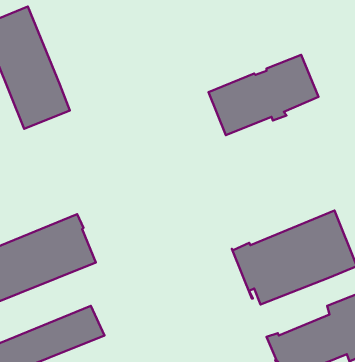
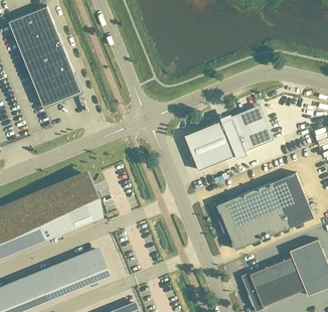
building: [208,55,319,135] -> [184,106,274,171]

